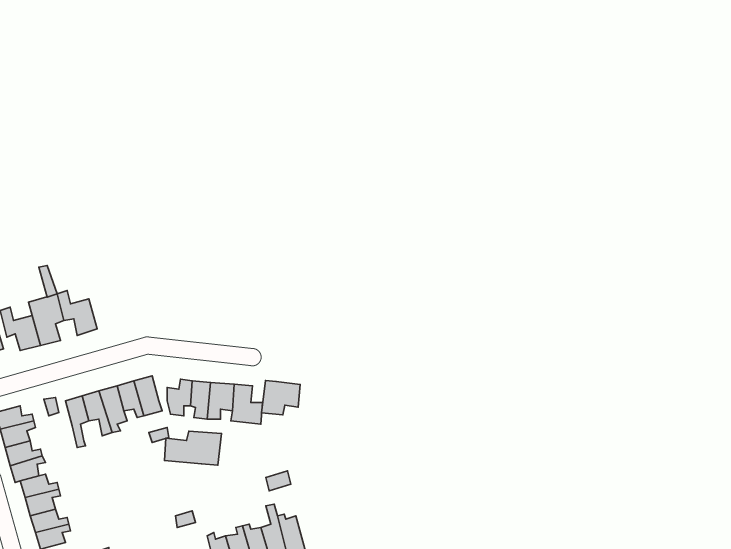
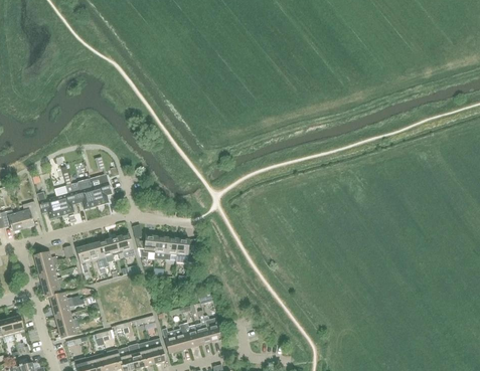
building: none -> [89,174,111,204]
building: [262,380,300,415] -> none
building: [164,431,221,465] -> none

